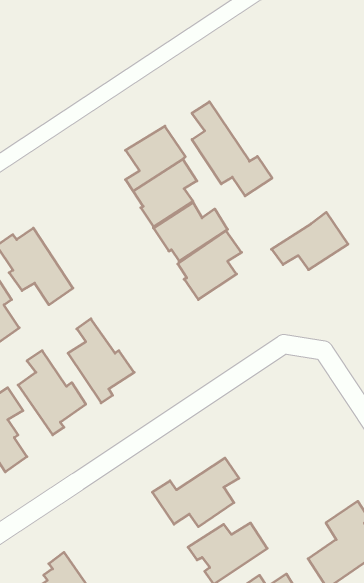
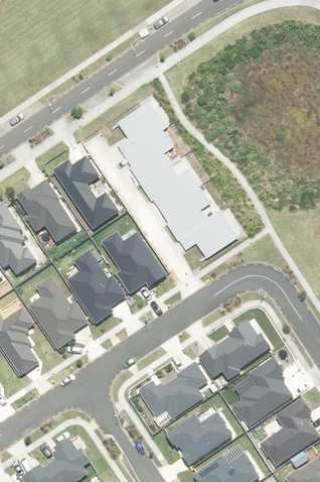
building: [192,102,272,196] -> none
building: none -> [53,159,118,229]
building: [271,212,348,270] -> [175,209,235,254]
building: none -> [103,228,164,295]
building: none -> [200,321,271,380]
building: none -> [235,359,289,425]

